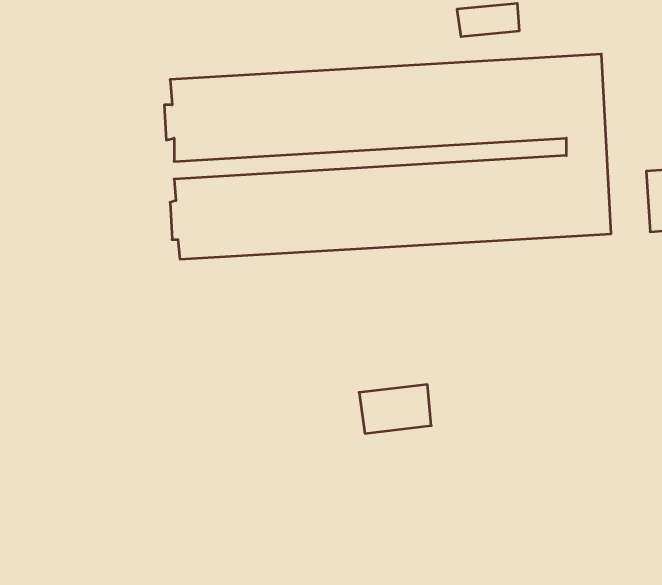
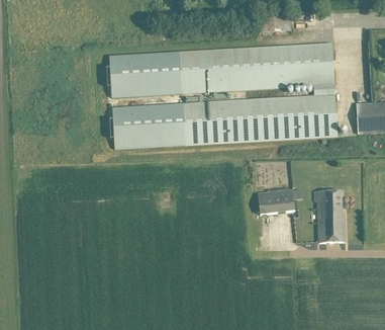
building: none -> [315,189,346,241]
building: [359,385,431,433] -> [258,188,295,214]

